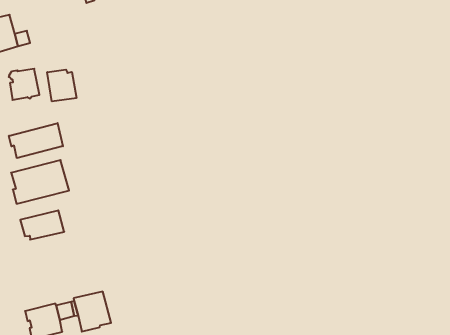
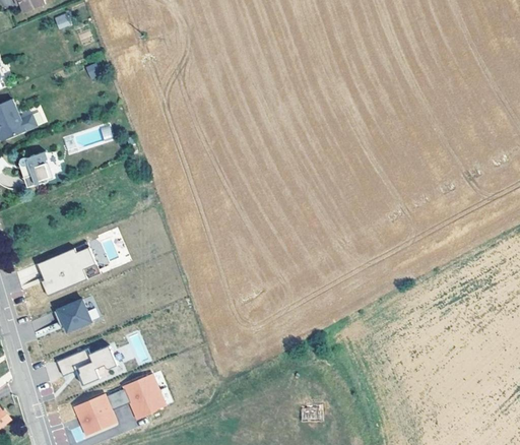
building: [47,70,76,101] -> none
building: [9,123,63,158] -> none
building: none -> [55,346,117,385]

